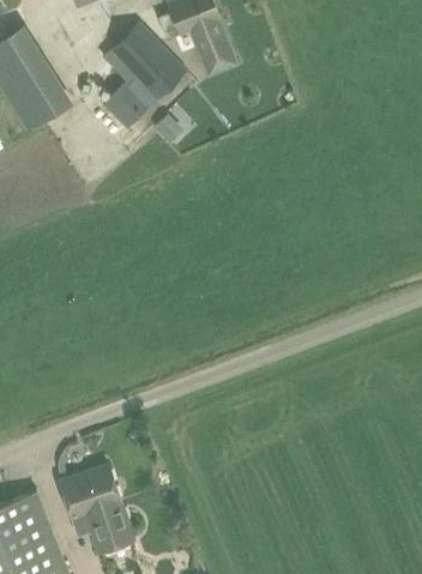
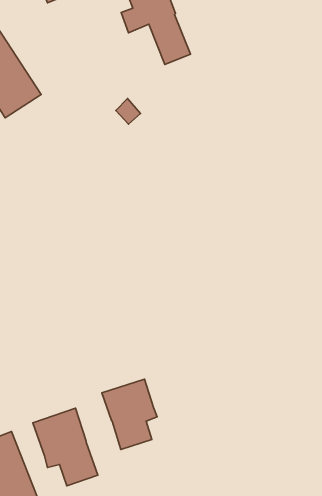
building: [103,20,188,128] -> none
building: none -> [102,379,157,449]

